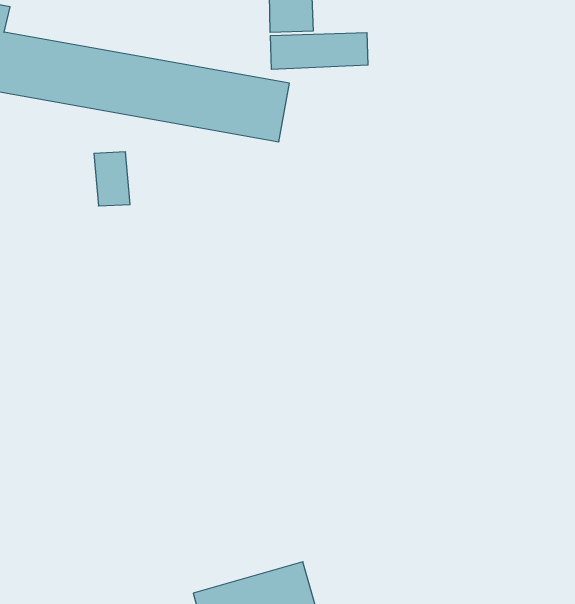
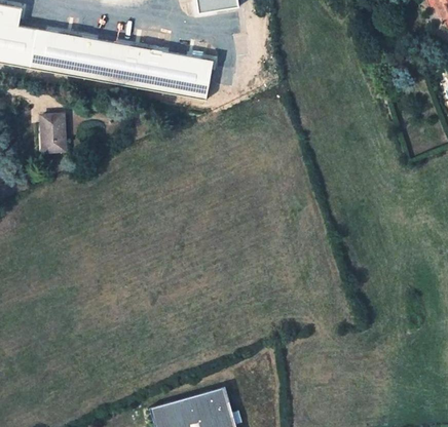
building: [270,33,368,69] -> none
building: [94,152,130,206] -> [41,113,66,150]

